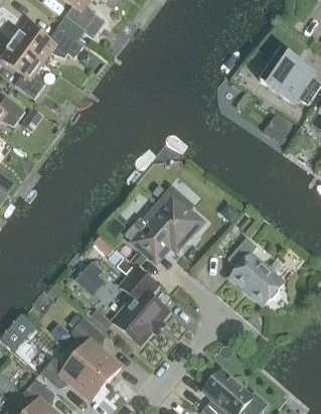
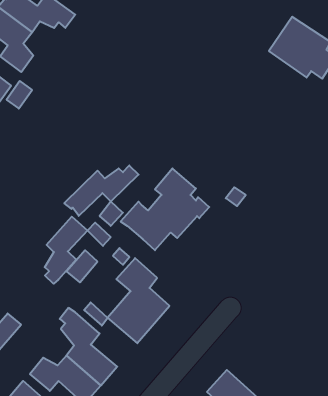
building: none -> [64,165,139,216]
building: none -> [45,217,87,284]
building: [227,237,284,305] -> none

